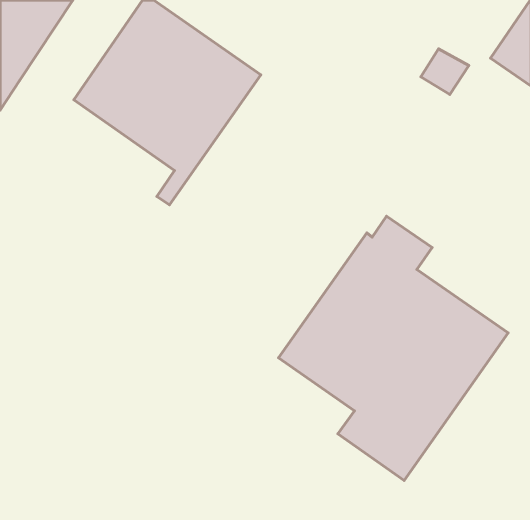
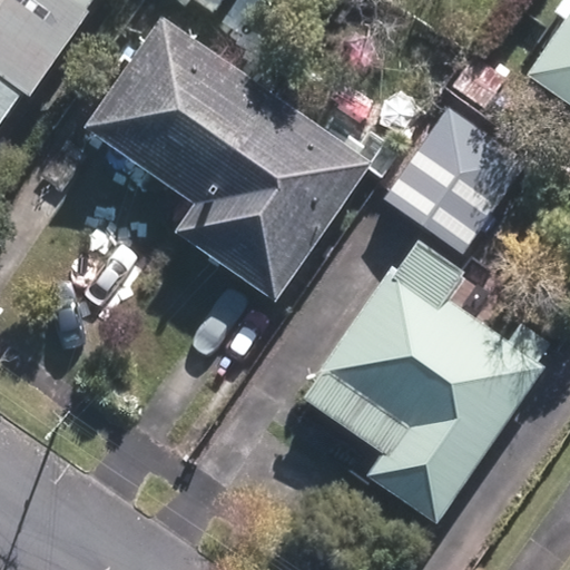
building: none -> [183,92,370,294]
building: none -> [390,120,529,263]

